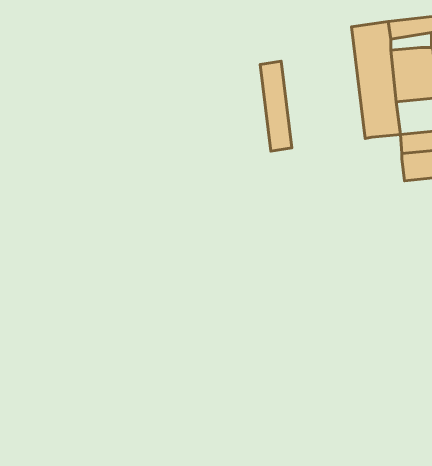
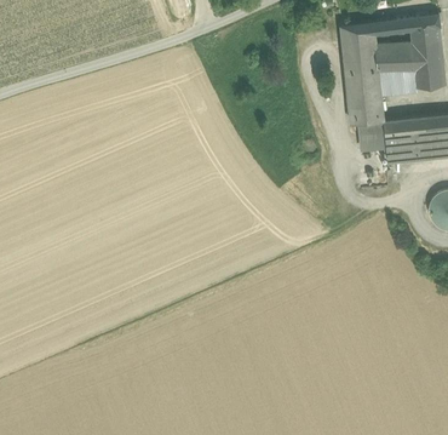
building: [260,61,292,151] -> none
building: none -> [357,121,384,145]

